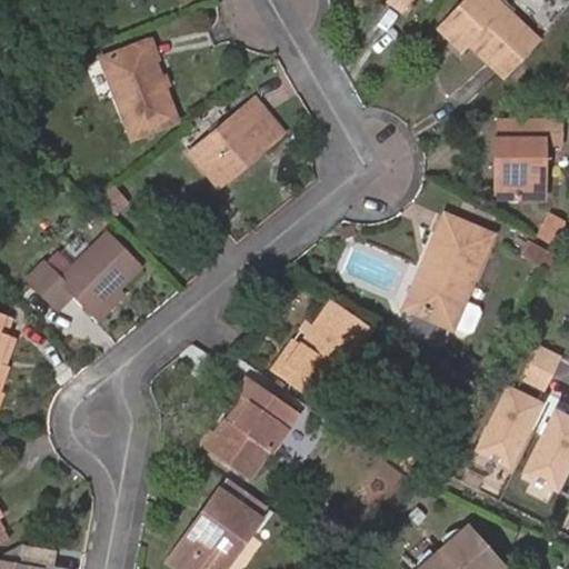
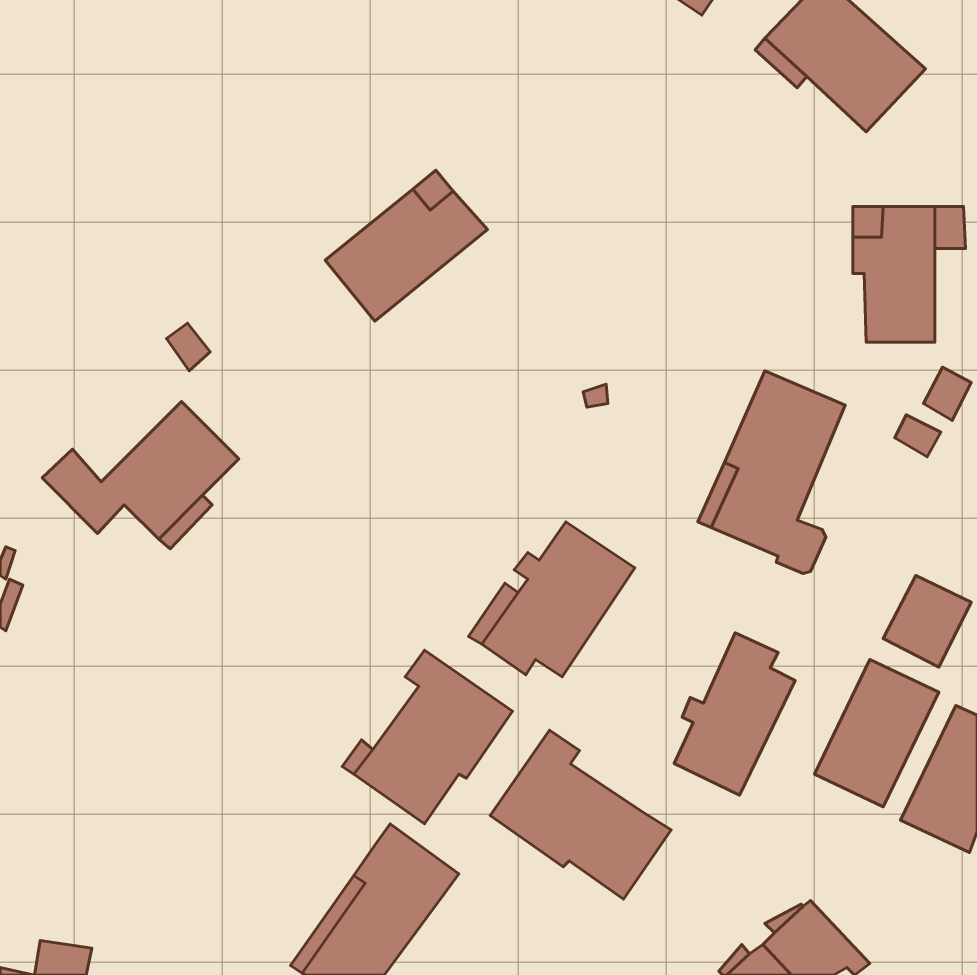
building: [101,42,177,138] -> none
building: none -> [674,633,795,795]
building: none -> [490,730,671,899]

